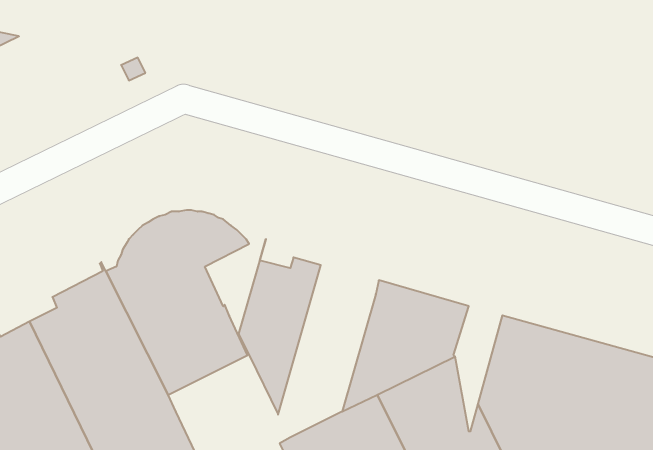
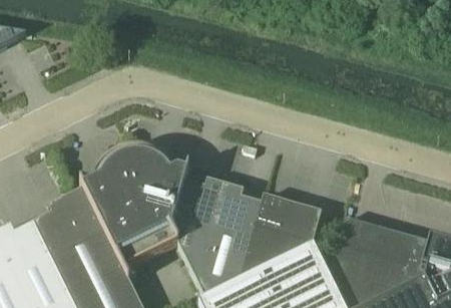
building: none -> [148,165,188,241]
building: none -> [196,182,261,295]

